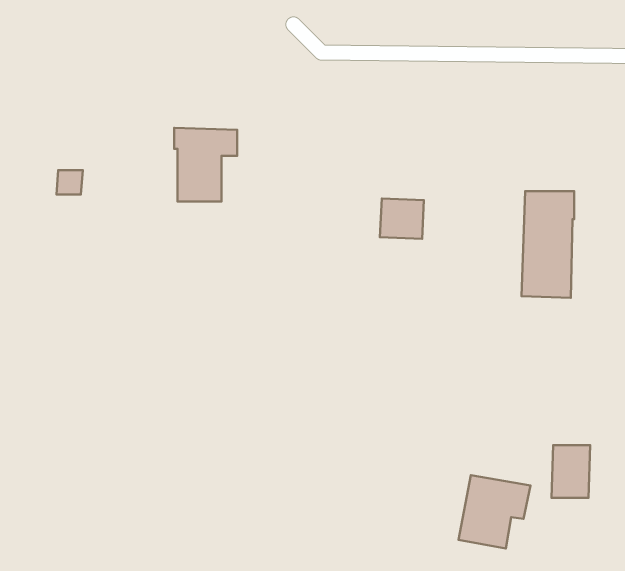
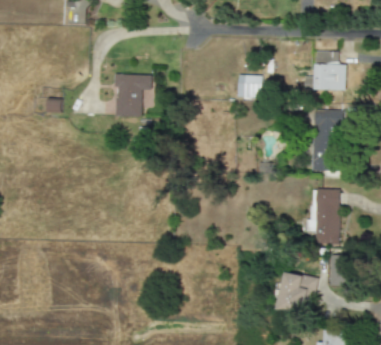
building: none -> [305,51,340,90]
building: [380,198,424,239] -> [237,74,262,97]
building: none -> [315,188,339,244]

